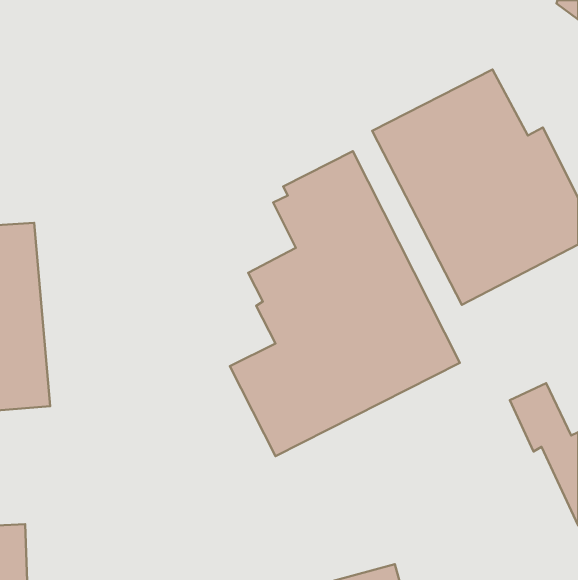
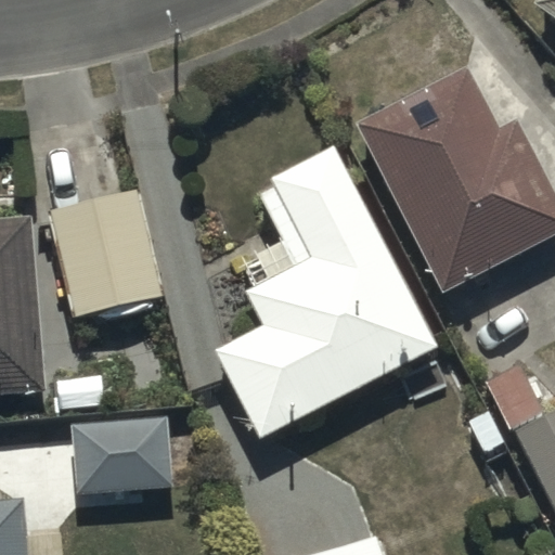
building: none -> [55,195,160,320]
building: none -> [68,416,175,496]

